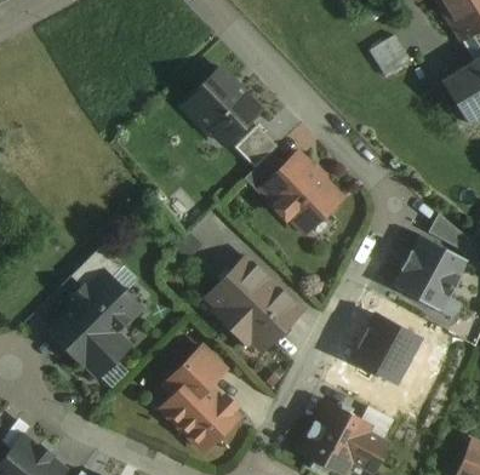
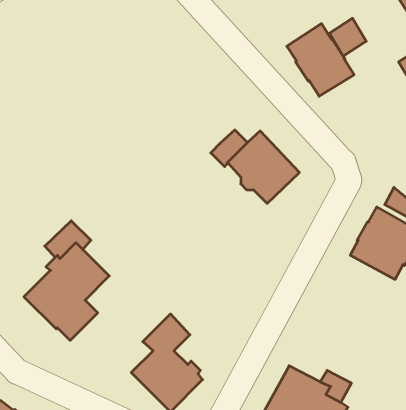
building: none -> [287,24,354,96]
building: [182,69,261,141] -> none
building: [235,126,278,168] -> none
building: [207,258,301,350] -> none
building: [350,315,421,385] -> none

